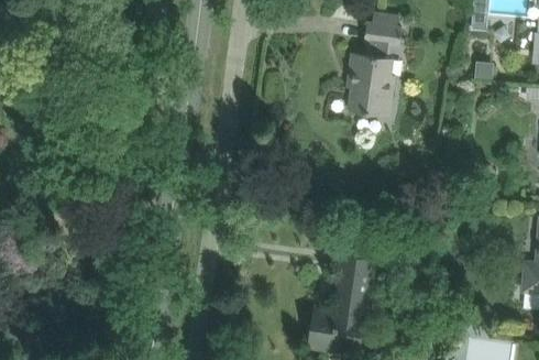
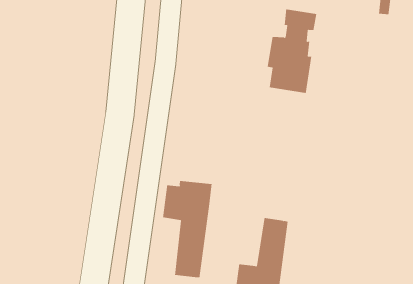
building: none -> [162,180,212,278]

